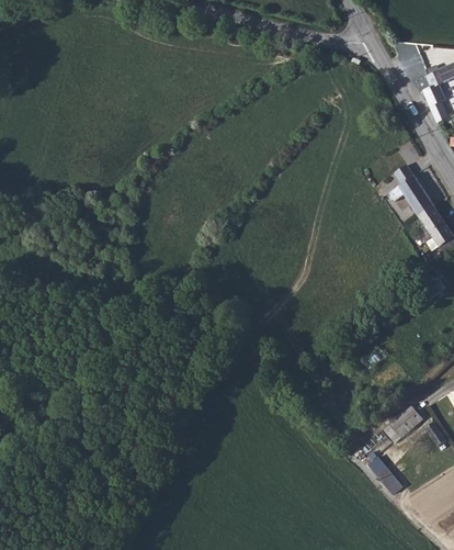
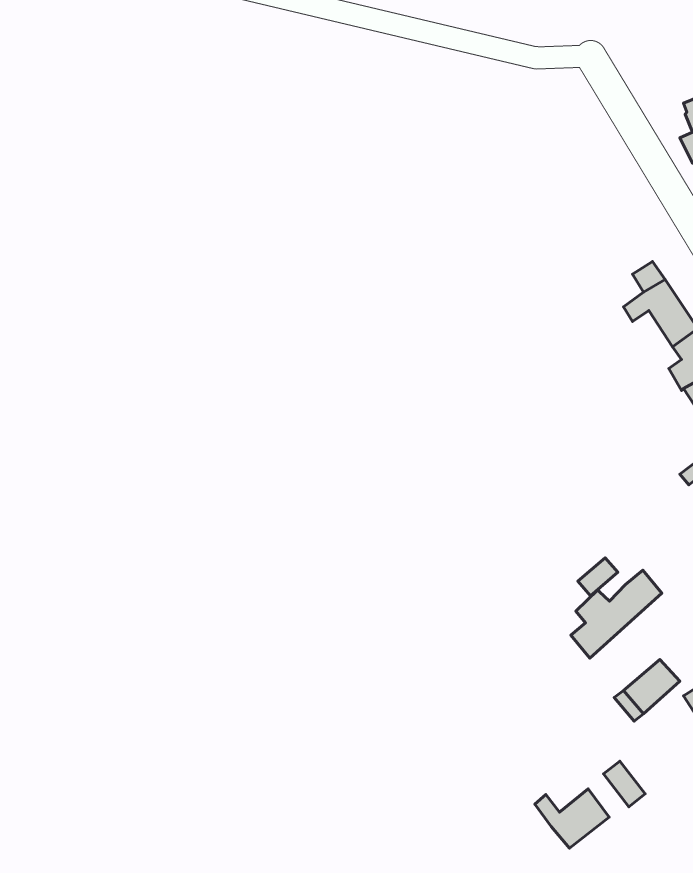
building: none -> [571,570,662,658]
building: none -> [535,789,609,848]

